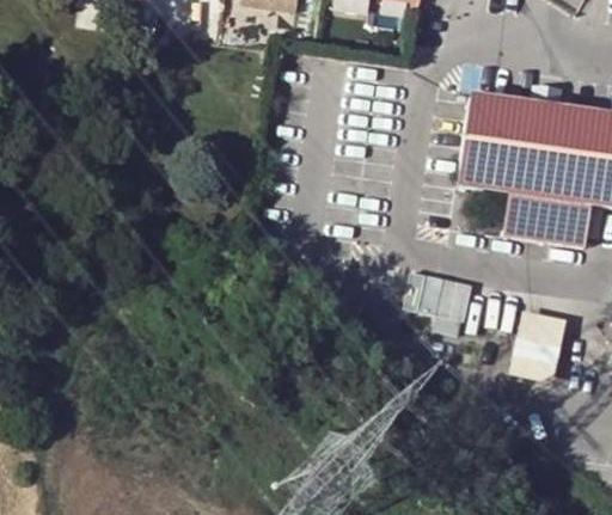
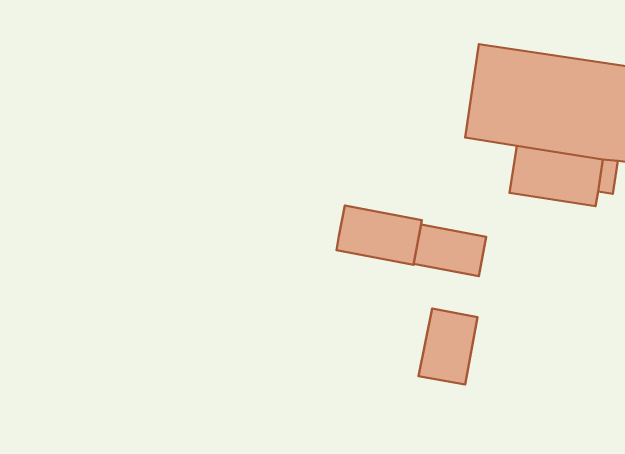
building: none -> [336,206,422,265]
building: [512,306,569,380] -> [418,308,477,385]

